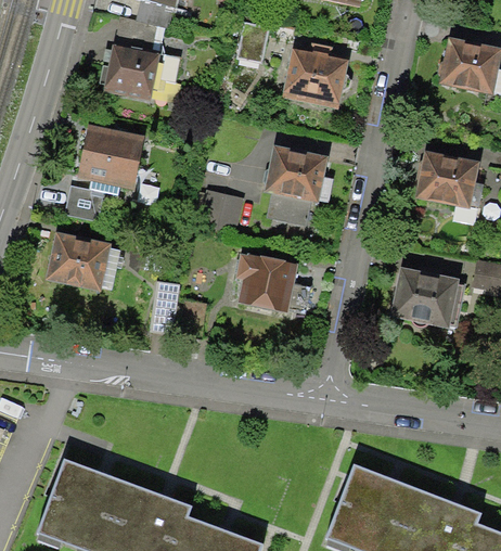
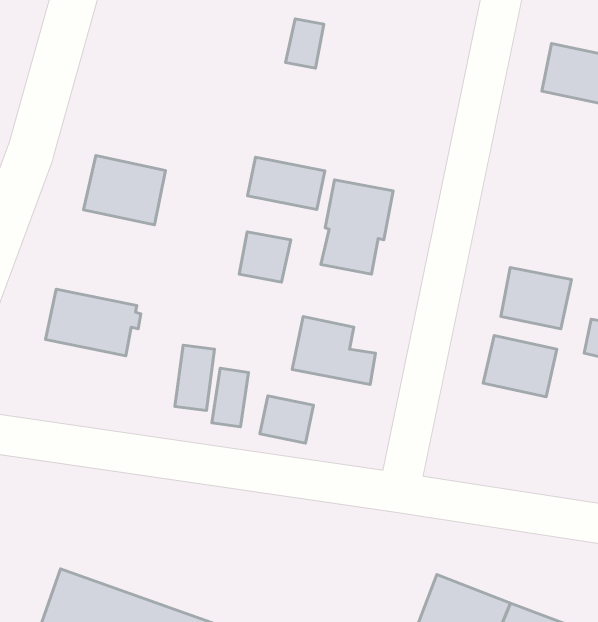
building: [104,46,155,97] -> none
building: [287,49,346,103] -> none
building: none -> [248,157,325,209]
building: [418,155,474,204] -> [501,267,572,329]
building: [63,184,103,223] -> none
building: none -> [260,396,314,443]

